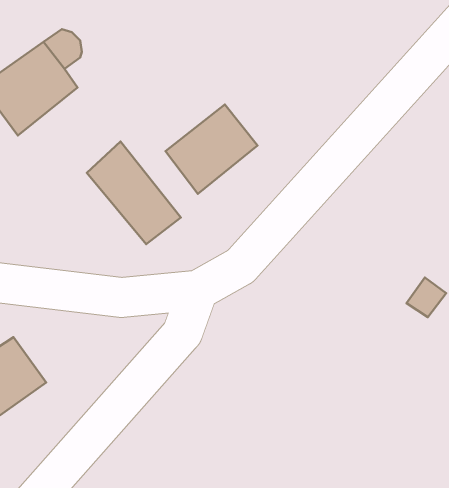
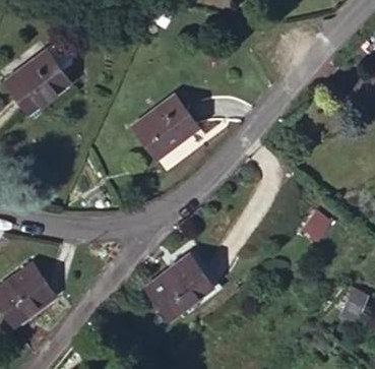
building: [87,141,181,244] -> none
building: none -> [144,253,212,318]

